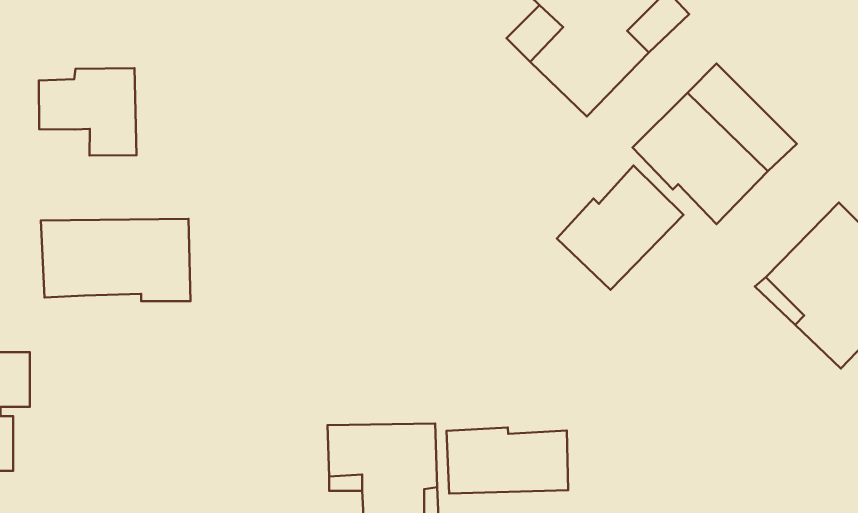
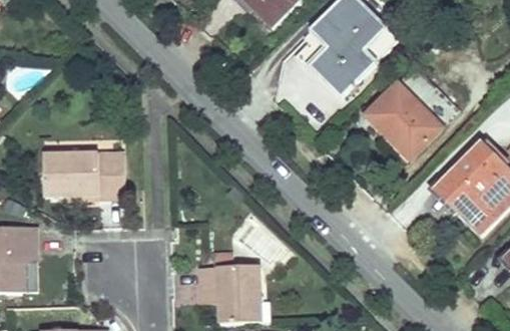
building: [39,68,137,155] -> none
building: [557,165,684,290] -> none
building: [446,428,568,493] -> none

